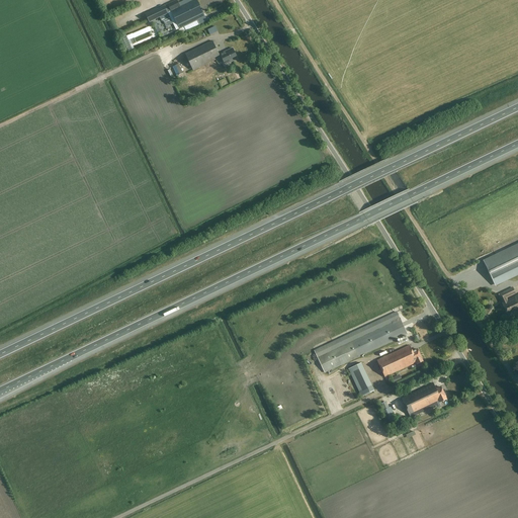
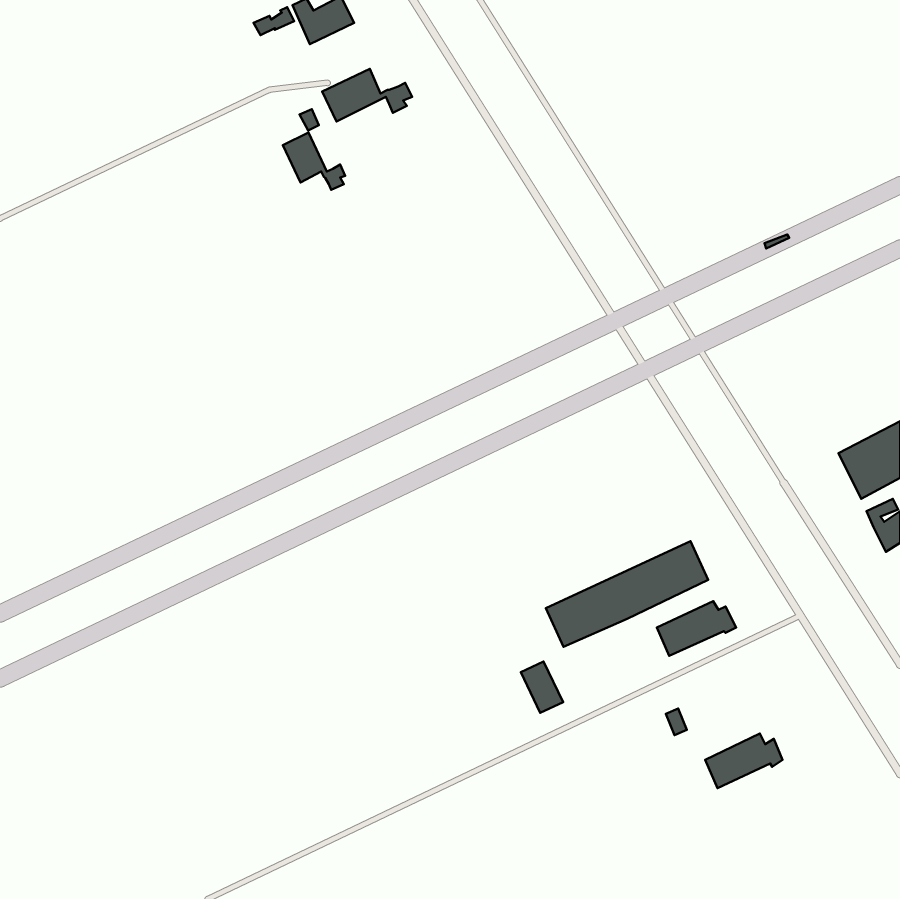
building: none -> [283,132,345,190]
building: [349,363,373,393] -> [521,662,563,713]
building: [402,382,446,414] -> [705,733,783,788]

